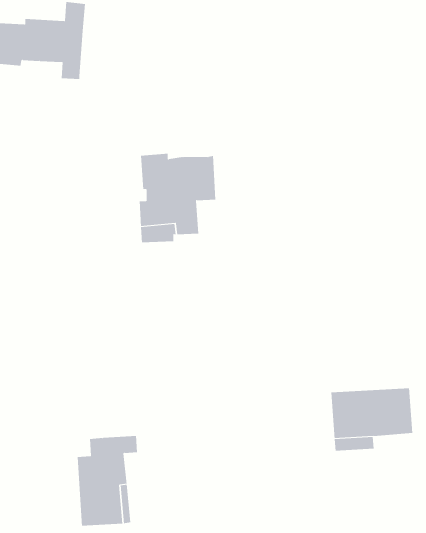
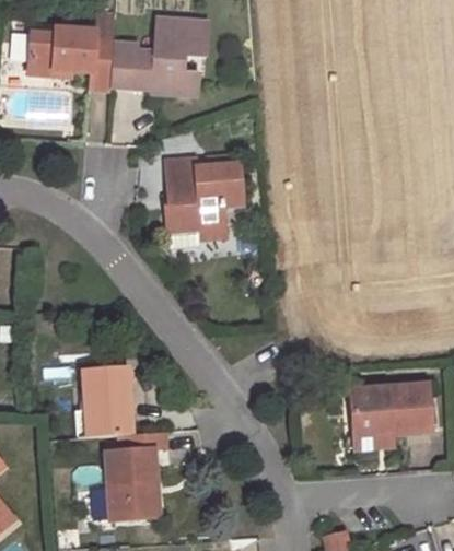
building: none -> [110,16,207,95]
building: none -> [83,367,132,436]

